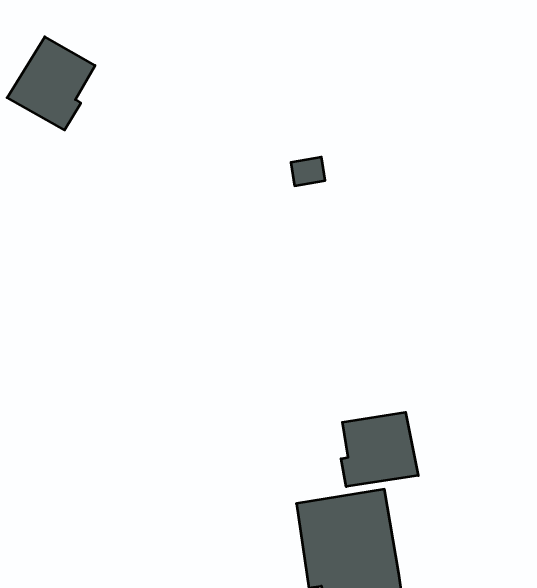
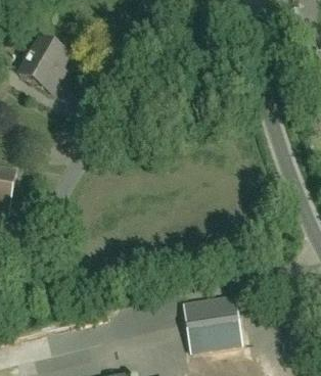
building: [341,412,418,487] -> none

